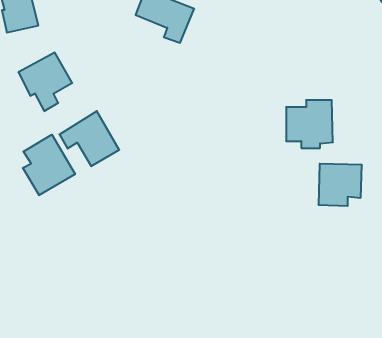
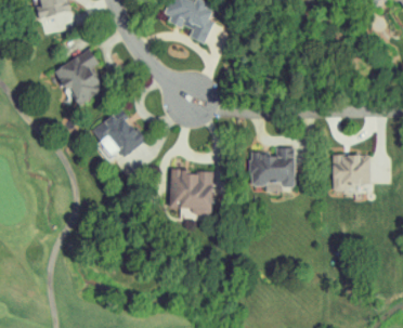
building: [286,100,333,148] -> [251,148,295,193]
building: [23,135,75,195] -> none
building: none -> [170,171,212,210]

